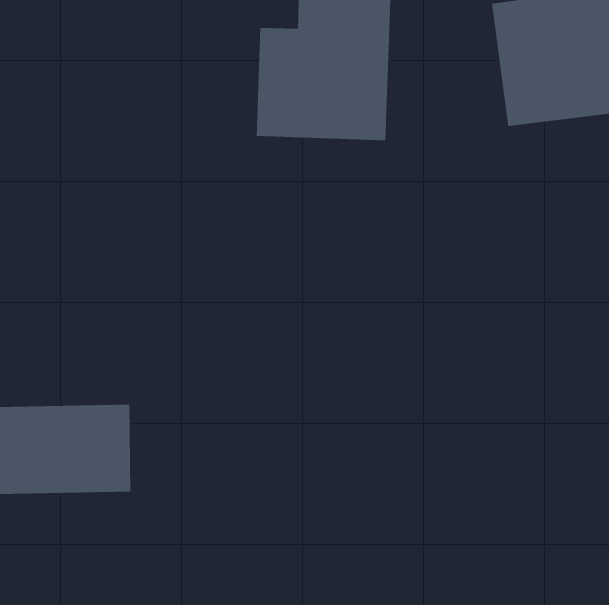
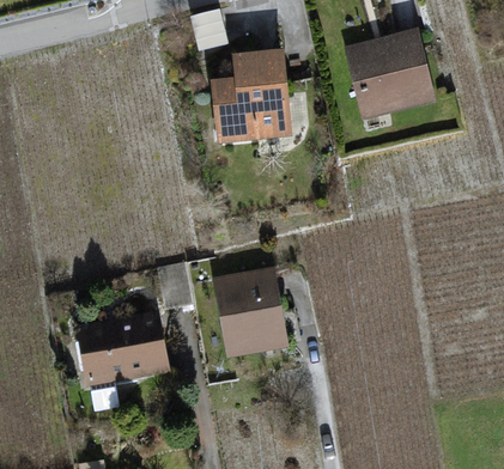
building: none -> [211,268,289,355]

